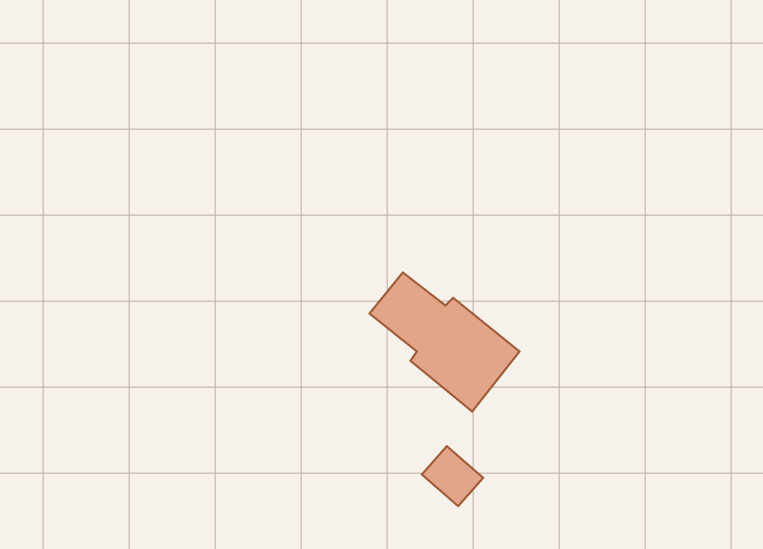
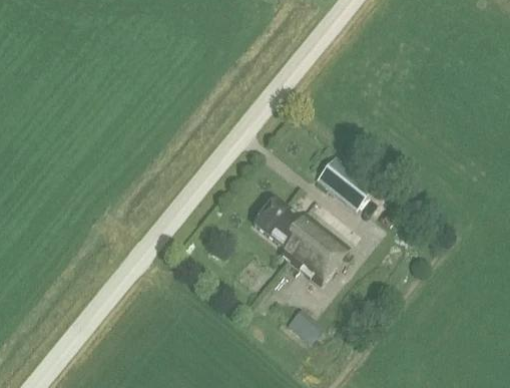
building: none -> [327,165,373,211]

